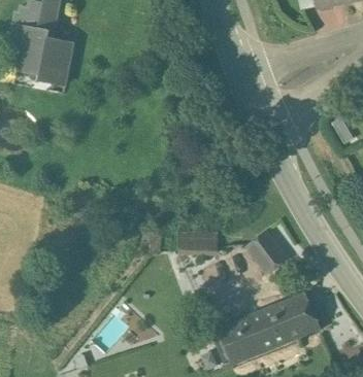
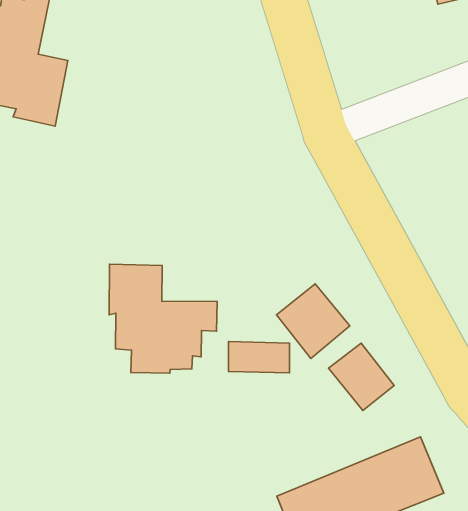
building: none -> [109,264,217,373]
building: none -> [277,284,350,358]

